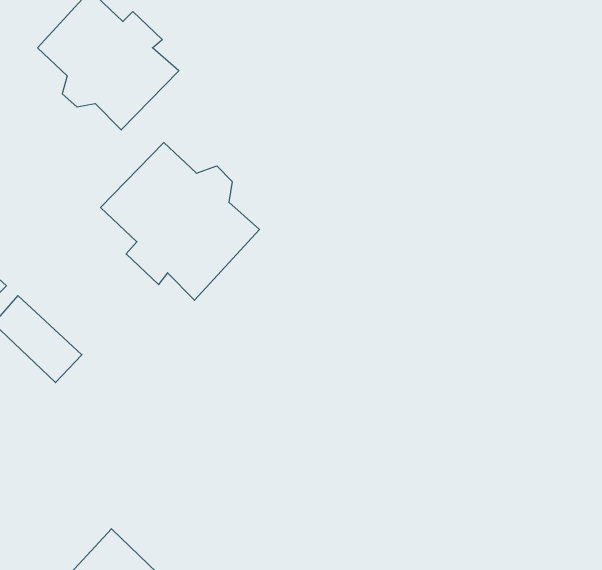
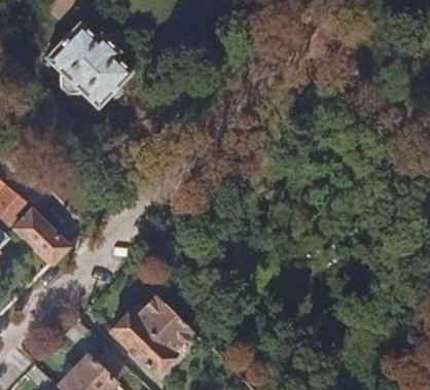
building: [101,143,259,300] -> none
building: none -> [112,294,192,375]

